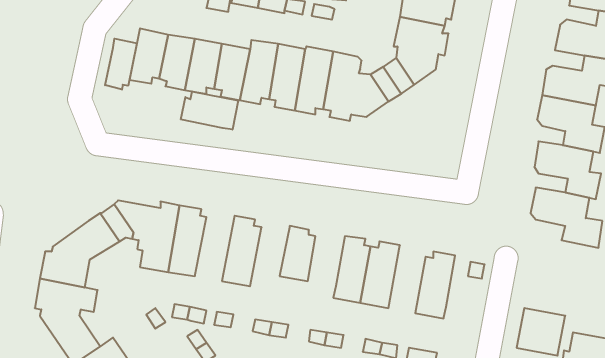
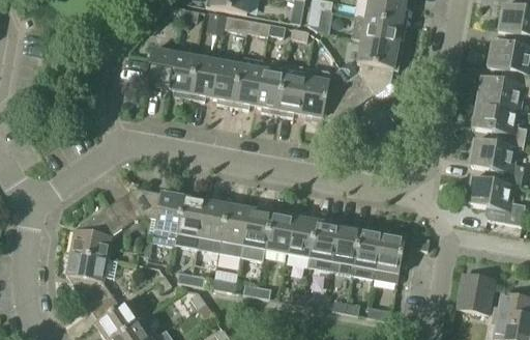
building: [105,39,137,90] -> none
building: [181,91,238,130] -> none
building: none -> [196,197,228,253]
building: none -> [240,205,272,261]
building: none -> [287,214,317,257]
building: none -> [352,224,382,279]

